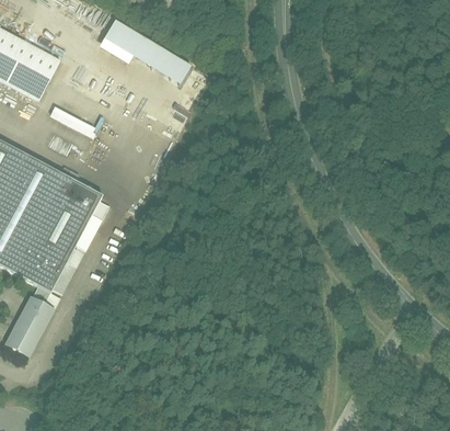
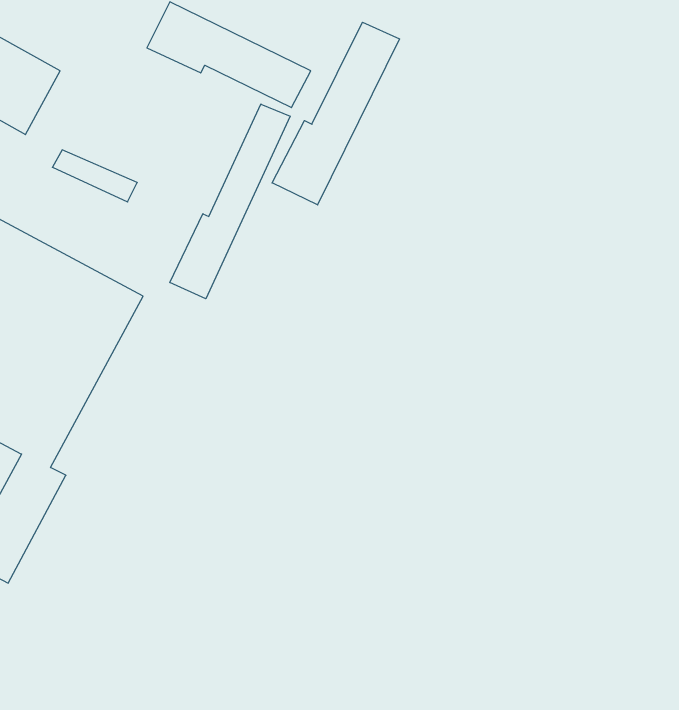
building: none -> [272,22,399,205]
building: none -> [170,104,290,299]

